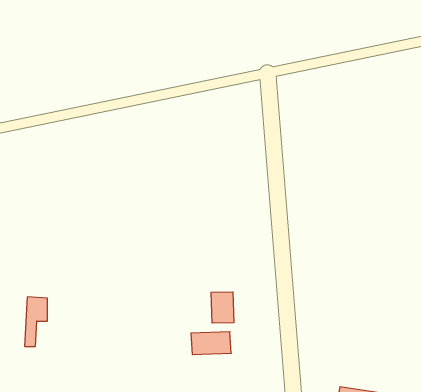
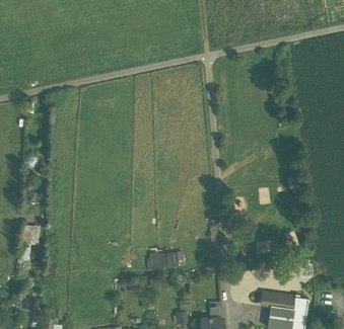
building: [211,292,234,323] -> none

